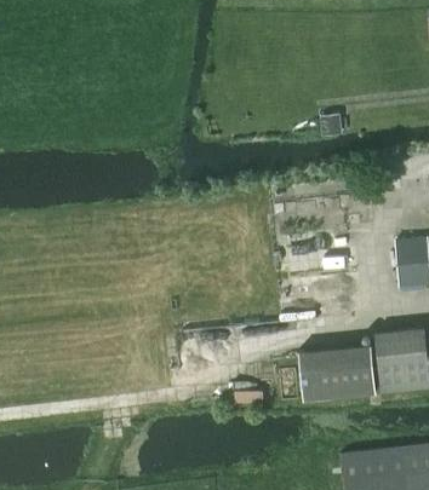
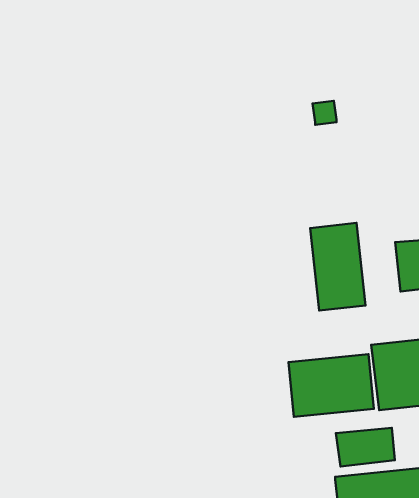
building: none -> [310,223,366,311]
building: none -> [336,428,395,467]

